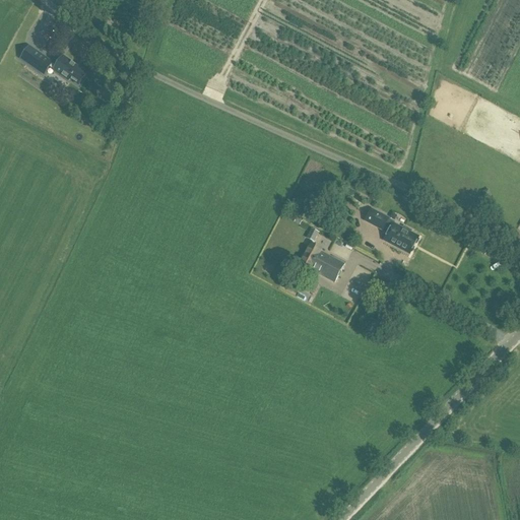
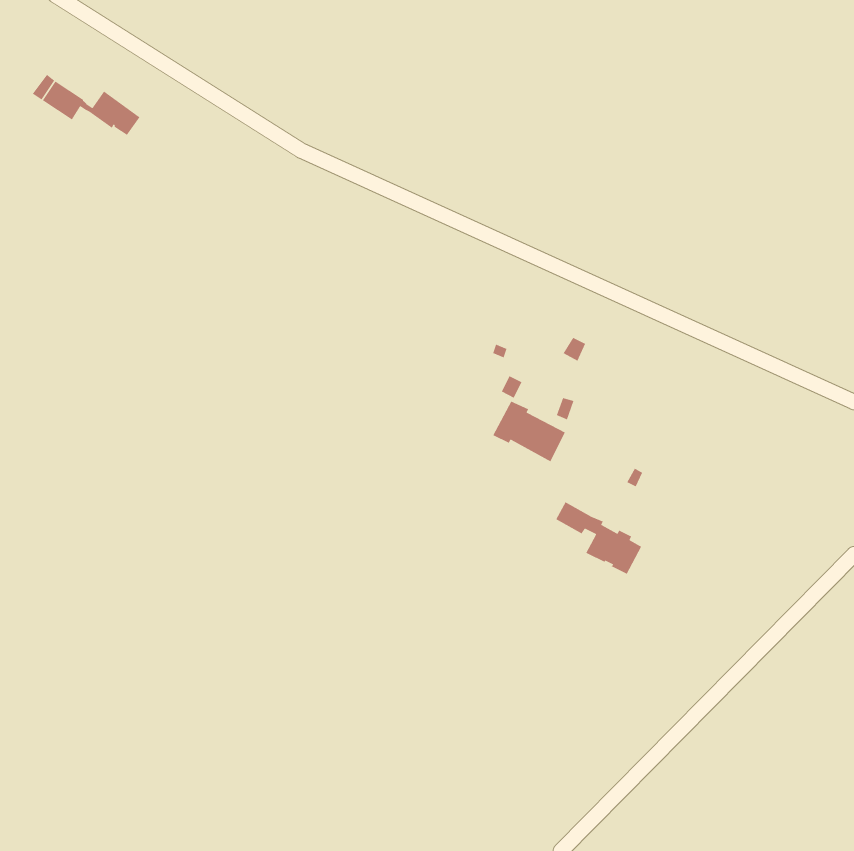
building: [365,207,417,252] -> [555,501,642,575]

